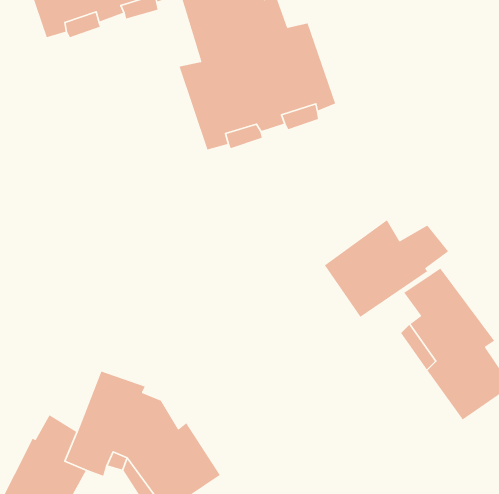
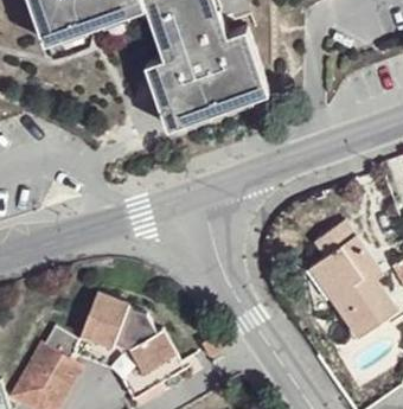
building: [324,219,449,318] -> none

